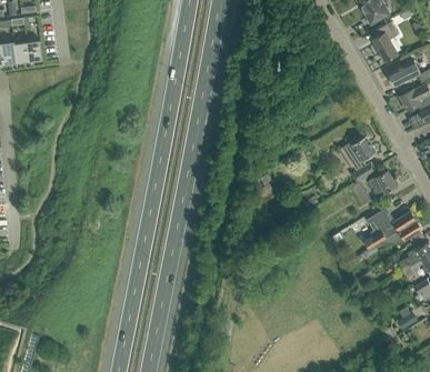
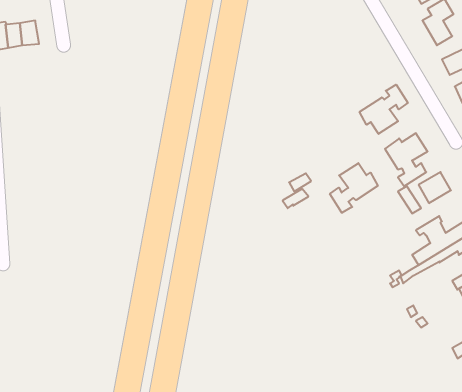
building: none -> [360,85,408,134]
building: none -> [330,163,378,213]

